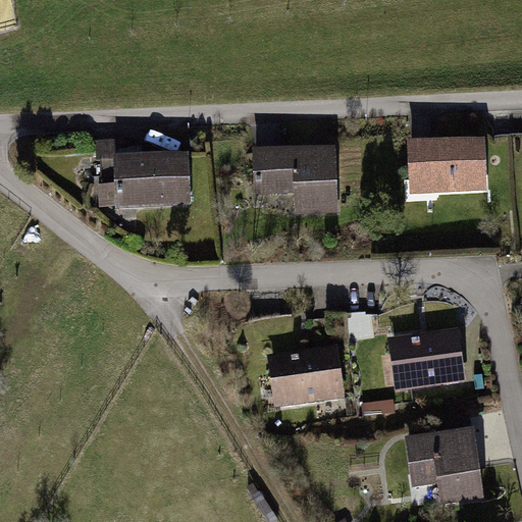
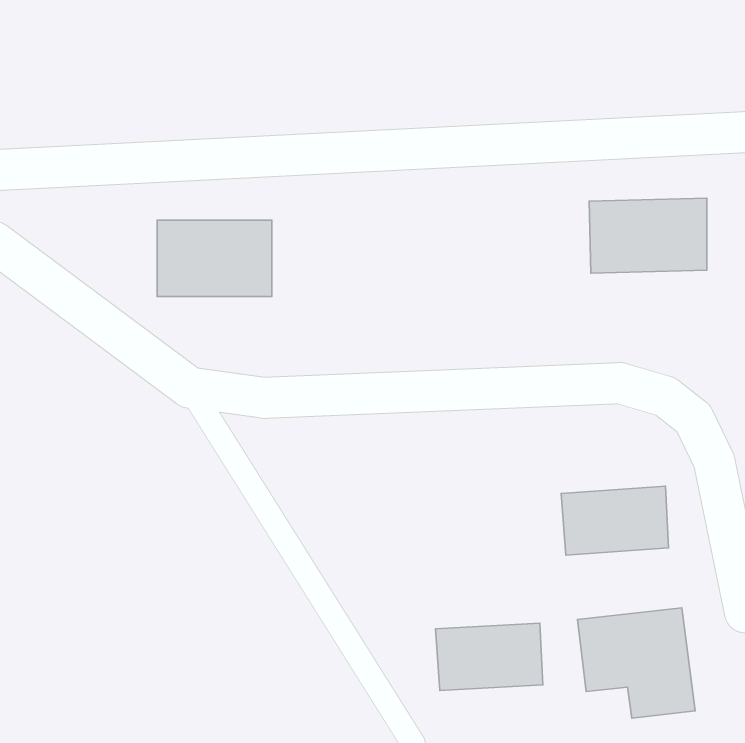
building: [251,147,336,210] -> none
building: [268,354,343,401] -> [435,623,543,691]

